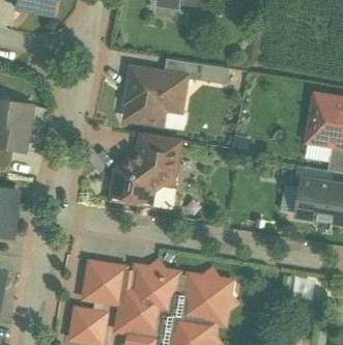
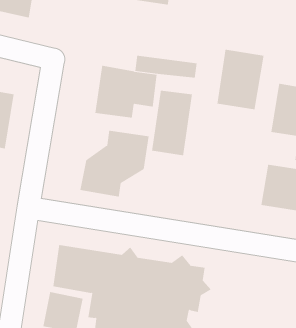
building: none -> [217,49,264,110]
building: none -> [152,90,193,156]

